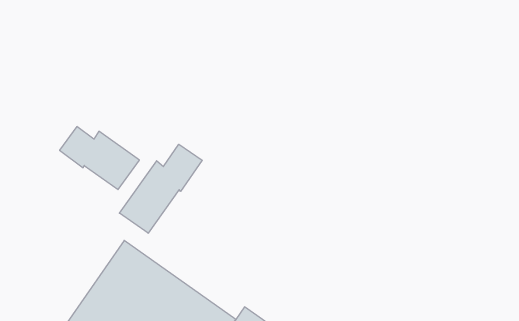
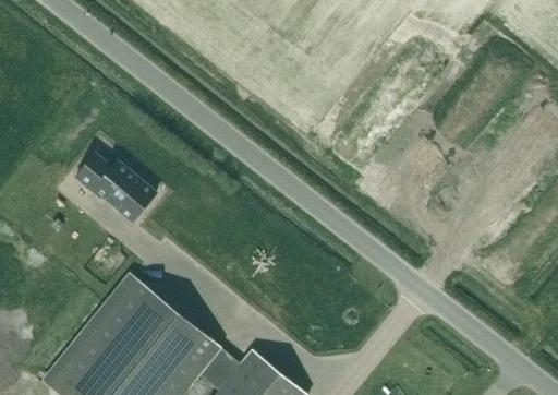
building: [119,144,202,233] -> none

